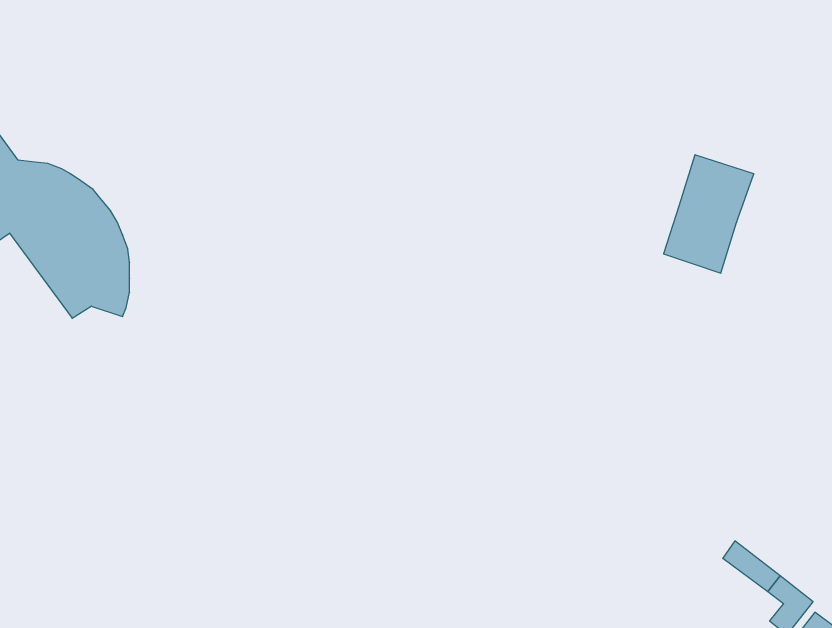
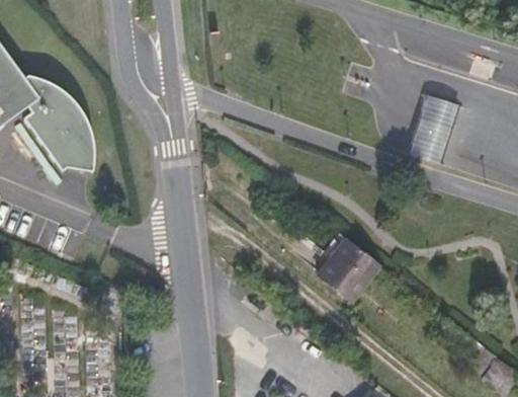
building: none -> [318,234,383,300]

